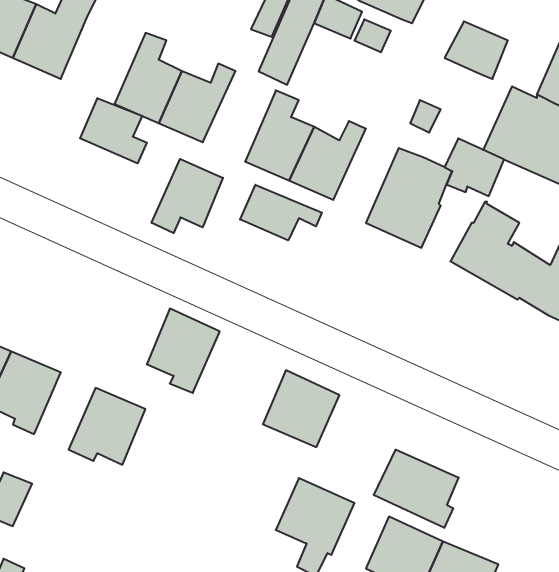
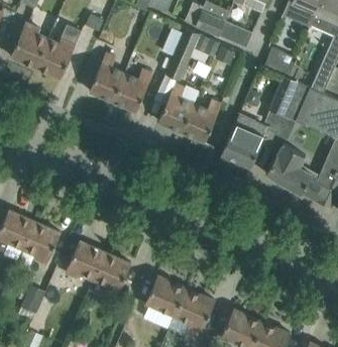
building: none -> [267,76,298,115]
building: [80,98,147,163] -> none
building: [152,159,223,233] -> none
building: [240,185,322,240] -> none
building: [147,309,220,393] -> [93,251,131,296]
building: [263,370,339,447] -> [145,274,186,315]
building: [374,450,459,528] -> none

